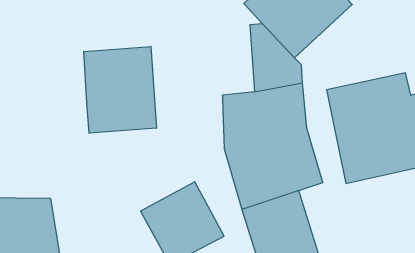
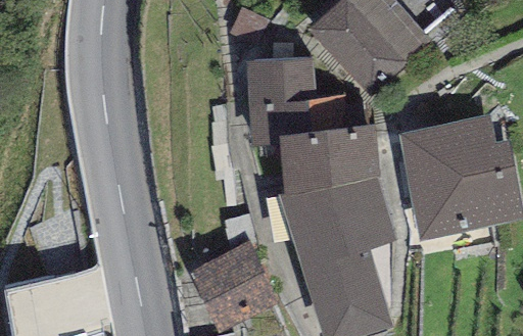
building: none -> [246,60,317,148]
building: [84,46,157,133] -> none

